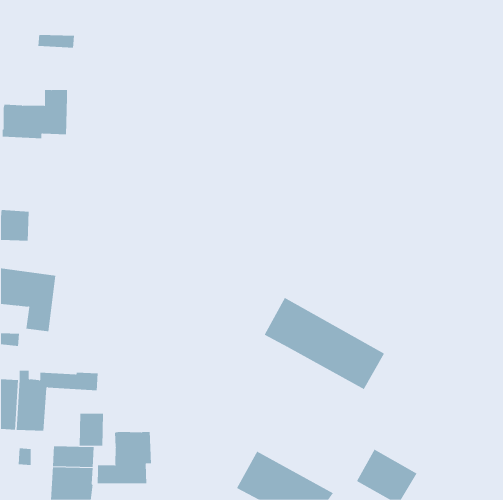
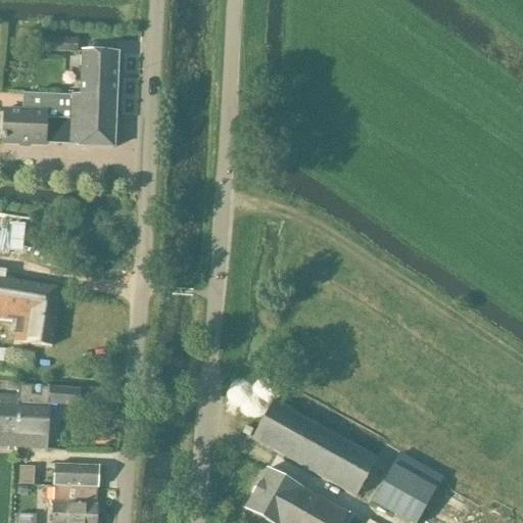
building: none -> [69,50,117,146]
building: [264,297,385,390] -> [251,398,377,494]
building: [79,413,104,447] -> none
building: [97,431,152,484] -> none

